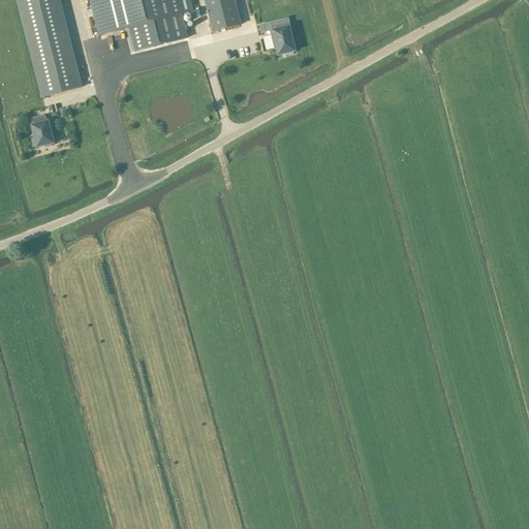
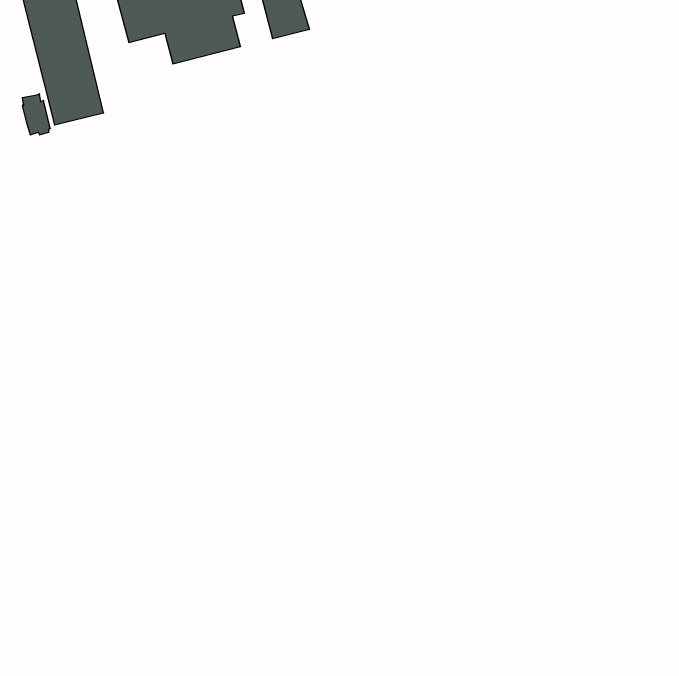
building: [271,17,294,54] -> none
building: [31,114,53,146] -> [22,94,50,135]

